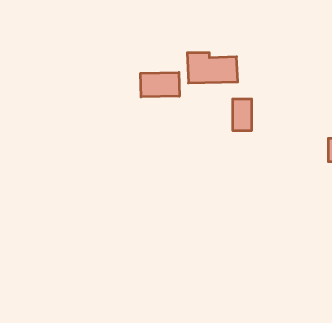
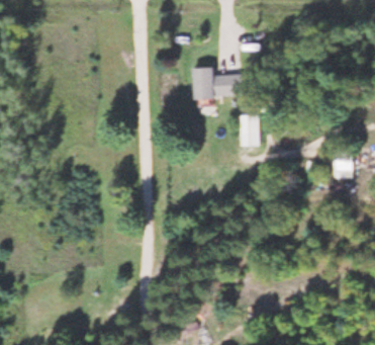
building: [141,72,179,97] -> none

